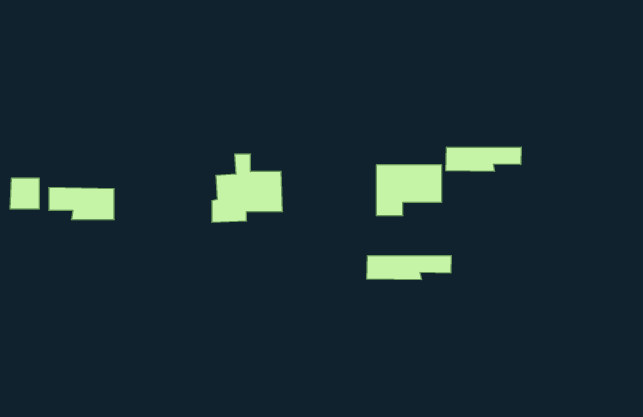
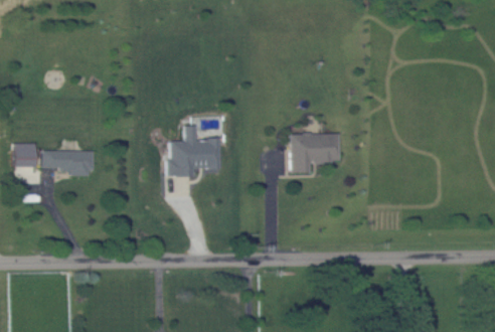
building: [446,147,521,171] -> none
building: [367,256,451,280] -> none

